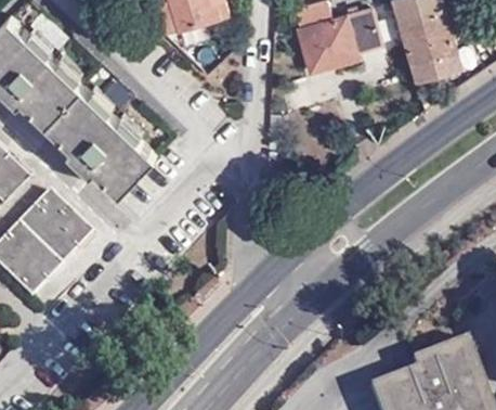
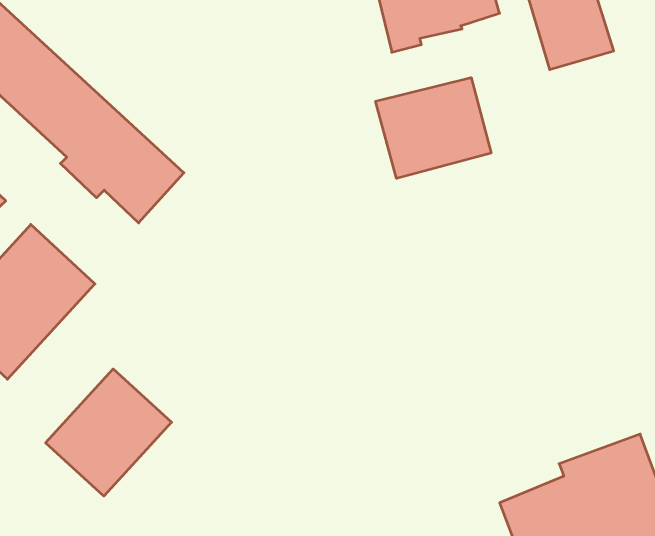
building: none -> [376,78,491,178]
building: none -> [46,369,172,496]

